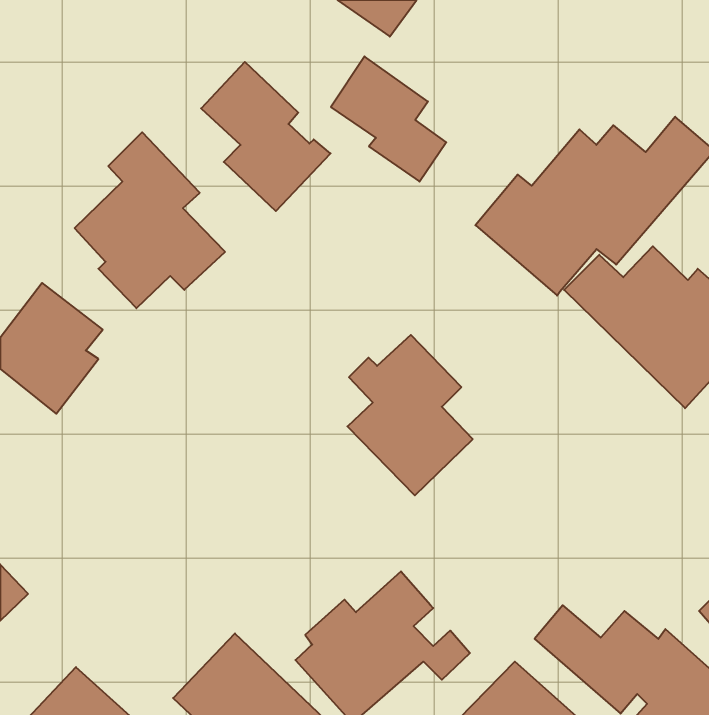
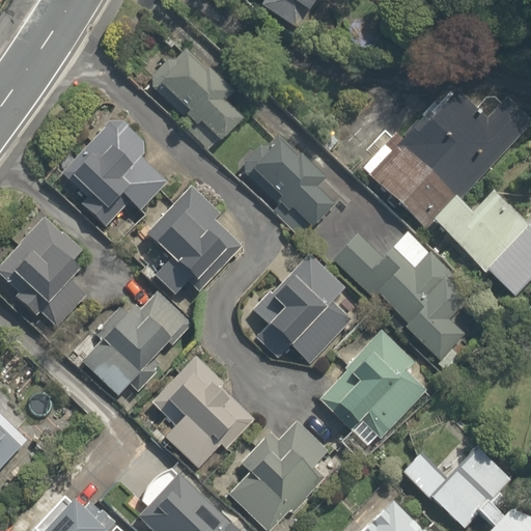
building: [331,56,446,182] -> [247,137,332,229]
building: none -> [144,185,248,294]
building: none -> [334,230,470,367]
building: none -> [82,289,185,394]
building: none -> [323,328,437,440]
building: none -> [153,351,261,469]

